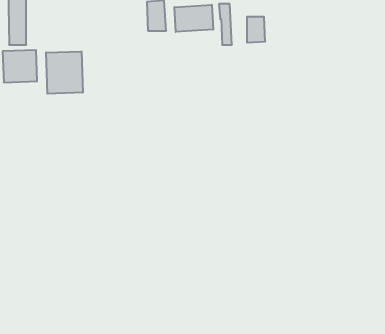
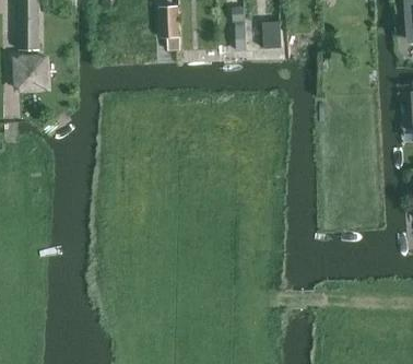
building: [174,5,213,32] -> none
building: [46,51,83,94] -> none

